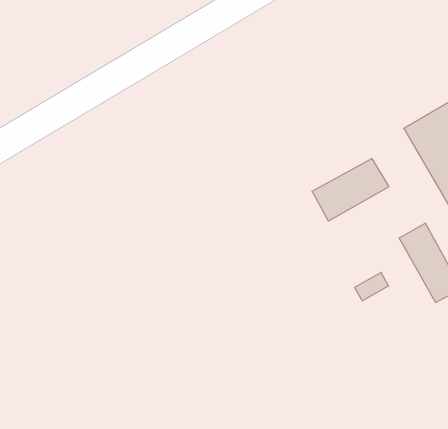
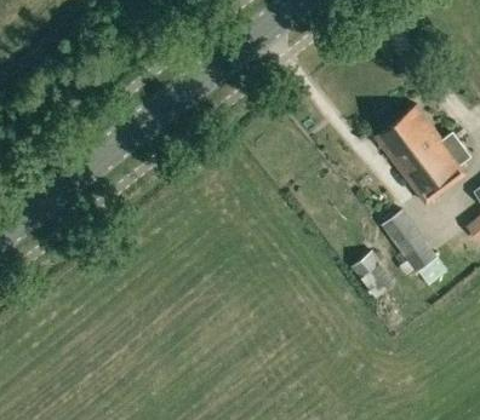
building: [312,158,389,221] -> none

